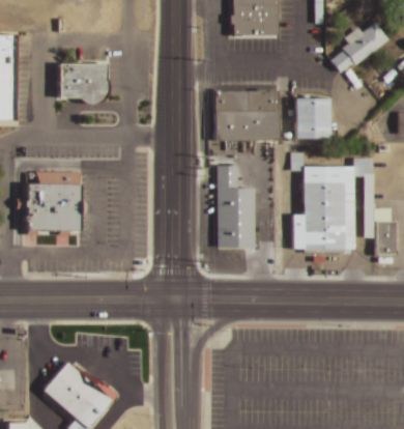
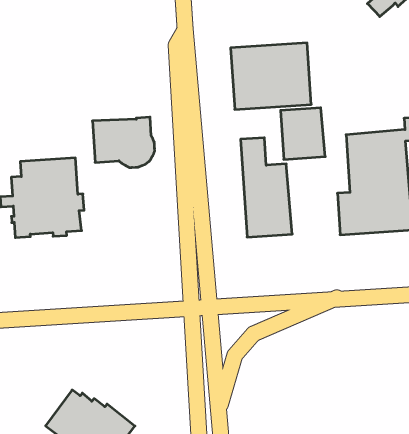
building: [58,64,108,105] -> [92,117,155,168]
building: [294,98,328,139] -> [281,108,325,159]

